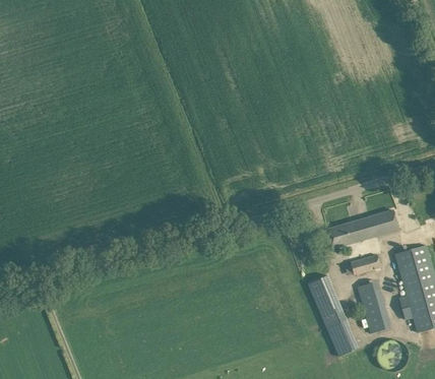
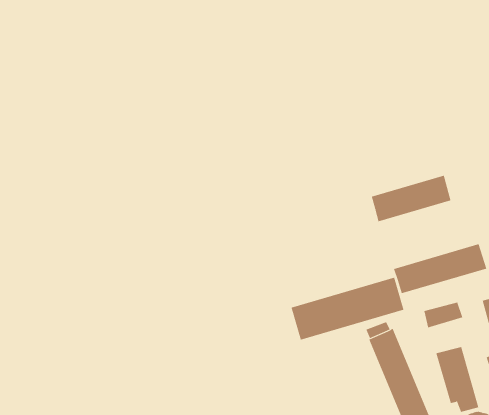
building: none -> [371,175,451,222]
building: none -> [291,277,404,341]

